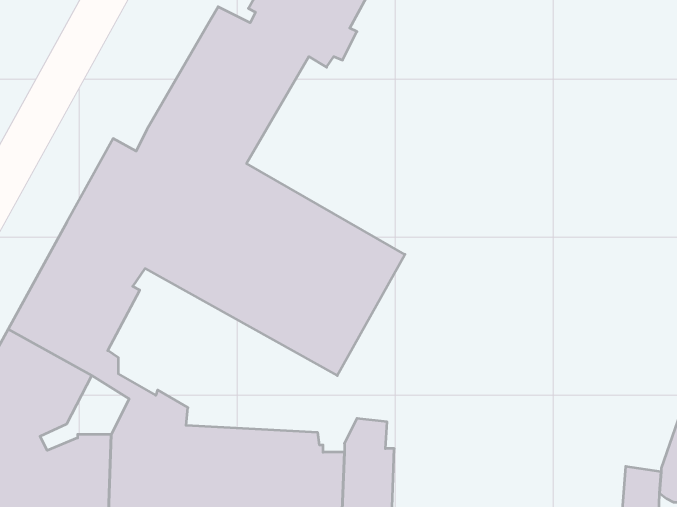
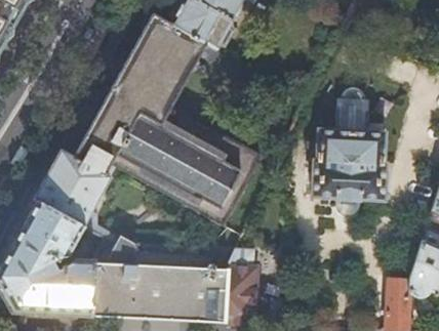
building: none -> [313,88,388,205]

